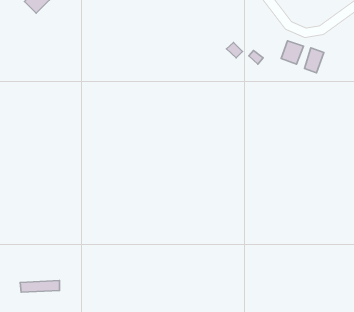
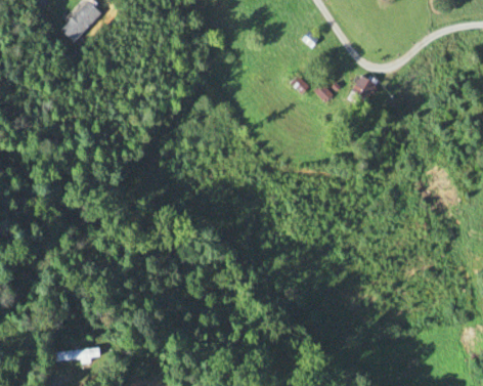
building: [304,48,324,73] -> none

